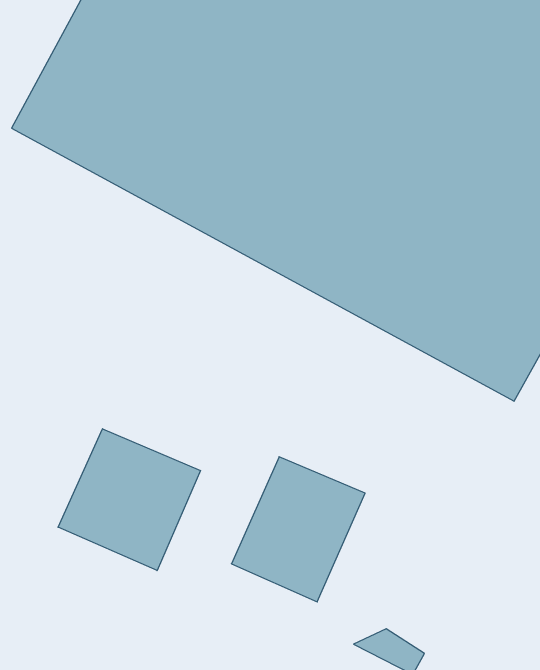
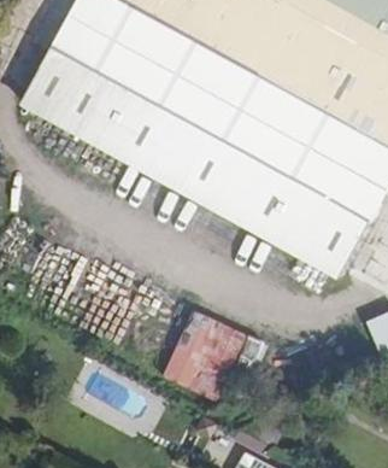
building: [58,429,200,571] -> none

